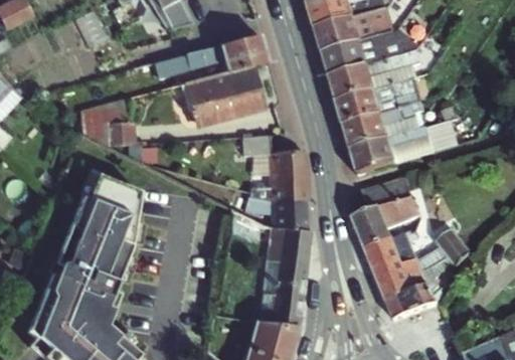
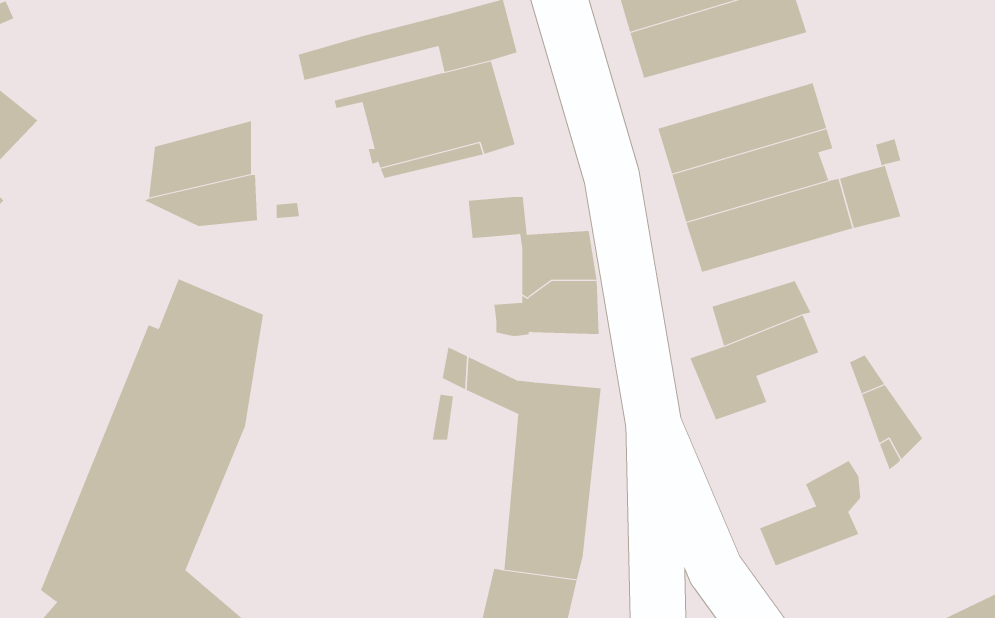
building: [330,51,418,101] -> none
building: [249,201,309,231] -> none
building: [366,229,434,302] -> none

